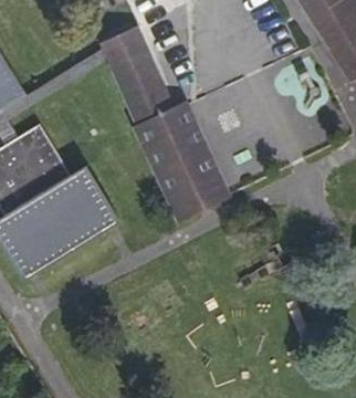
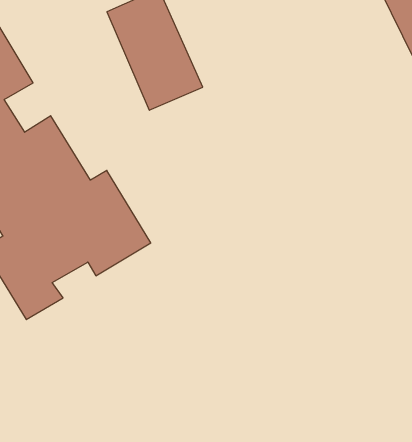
building: [130,101,230,222] -> none

